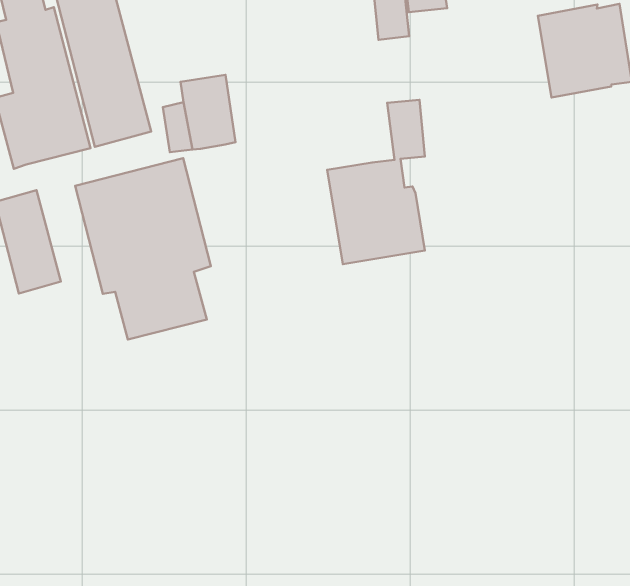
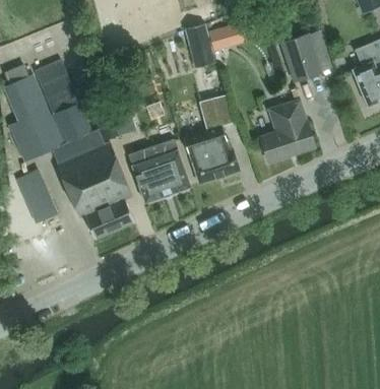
building: none -> [259,100,314,163]
building: none -> [127,136,189,202]

